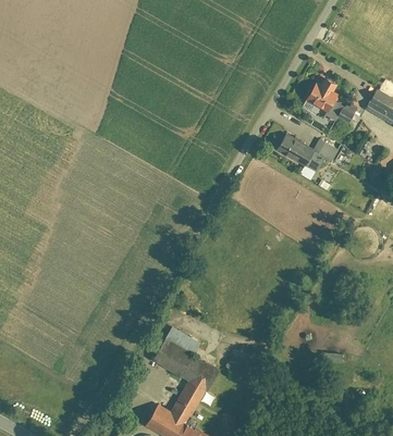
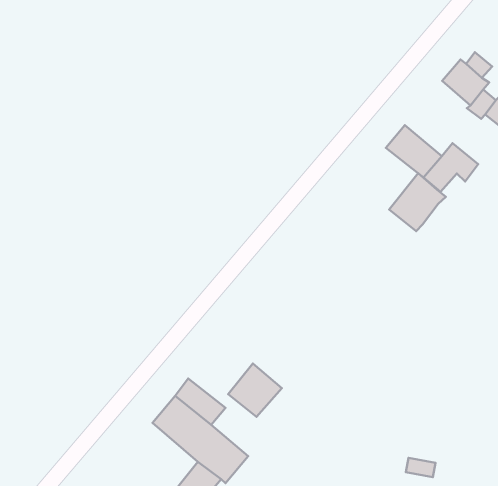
building: none -> [389,173,446,231]
building: none -> [228,364,282,417]

